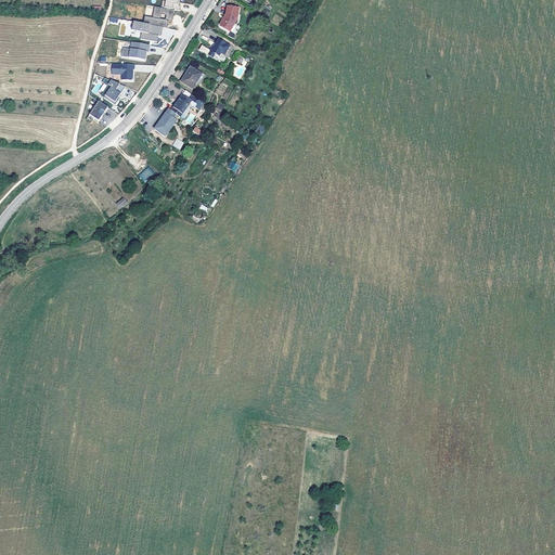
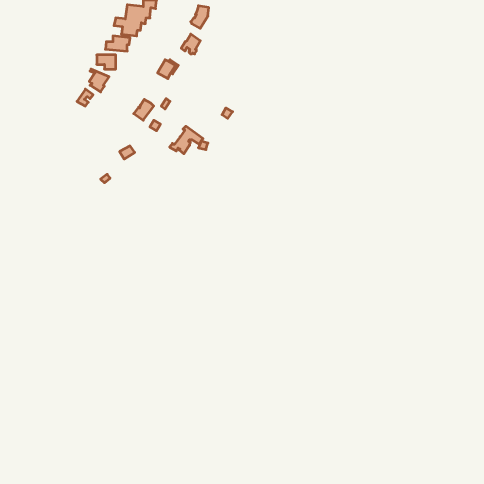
building: [165,90,203,121] -> [170,126,203,154]

